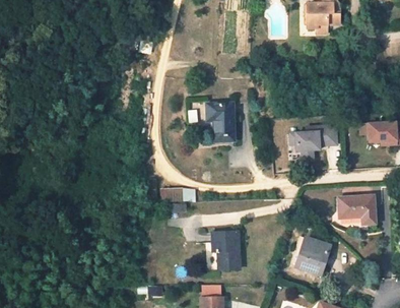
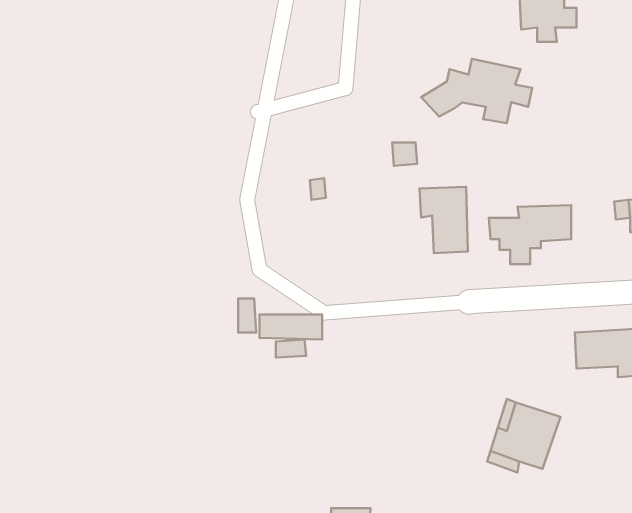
building: none -> [421,59,532,123]
building: [206,104,234,141] -> [419,187,468,253]
building: [212,232,240,270] -> none

